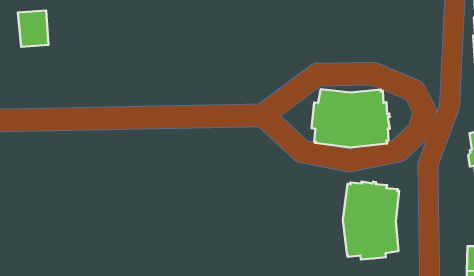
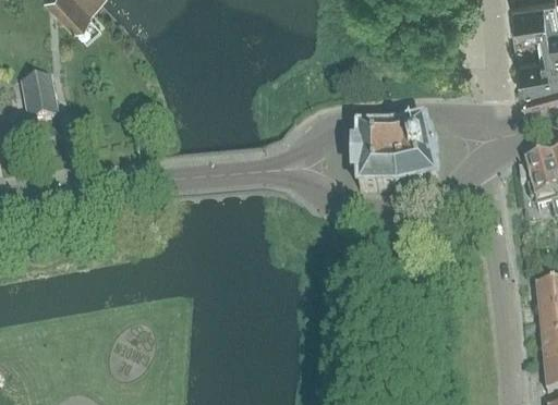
building: [343,181,399,260] -> none

